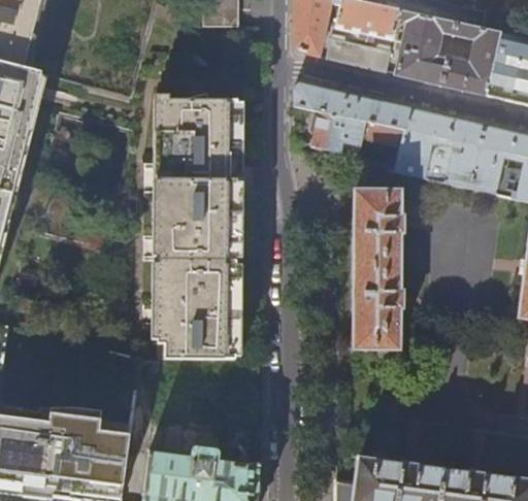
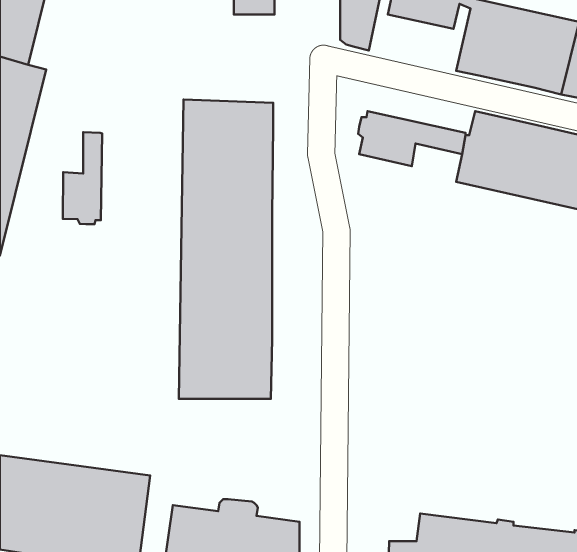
building: [325,32,390,72] -> none
building: [293,84,410,130] -> none
building: none -> [63,132,102,224]
building: [352,190,408,359] -> none

